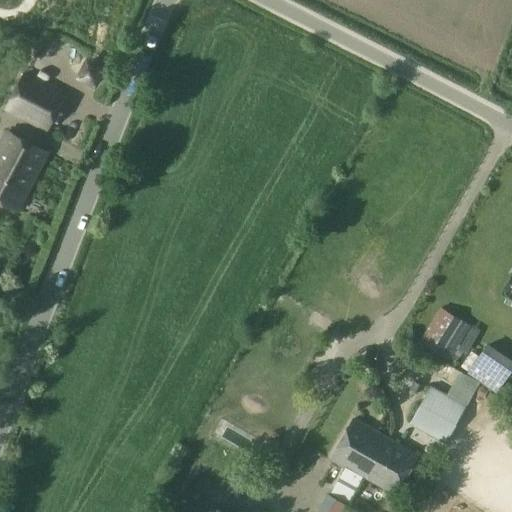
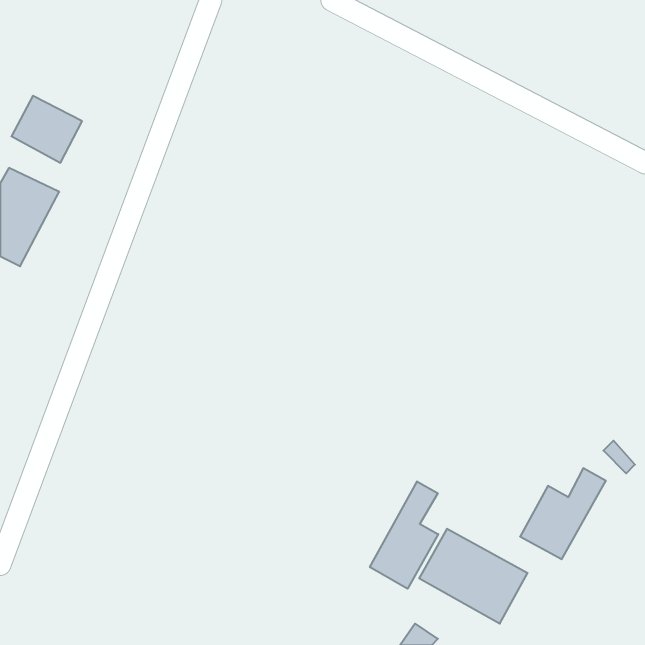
building: [421,309,469,358] -> none
building: none -> [370,481,438,589]

